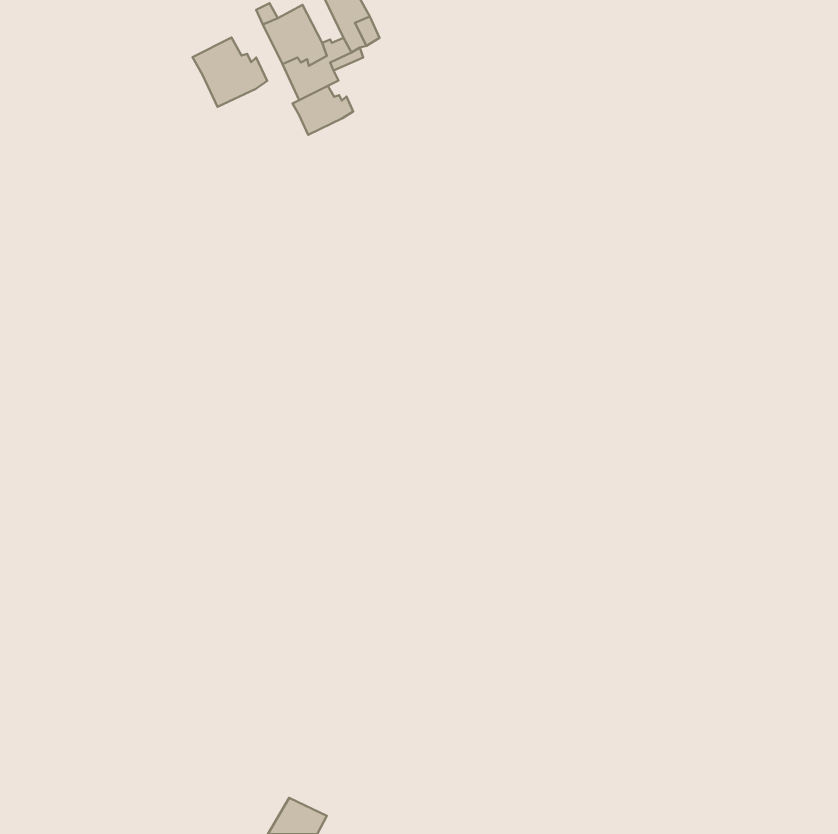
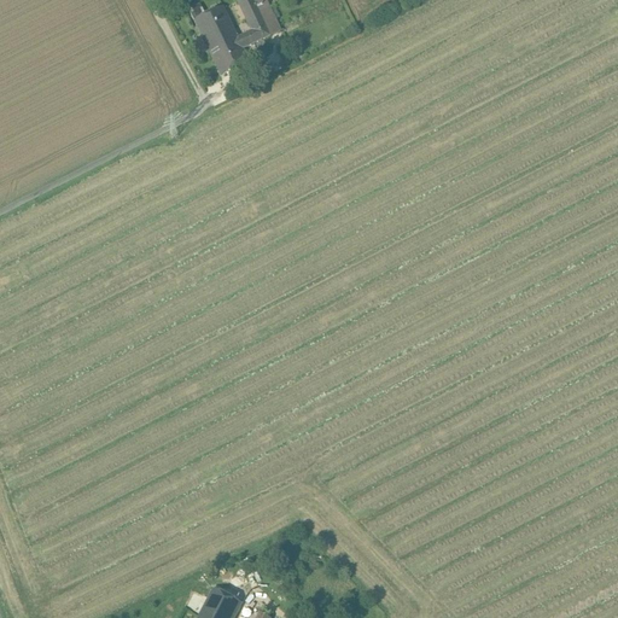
building: [193,38,267,107] -> none
building: [293,86,353,135] -> none

